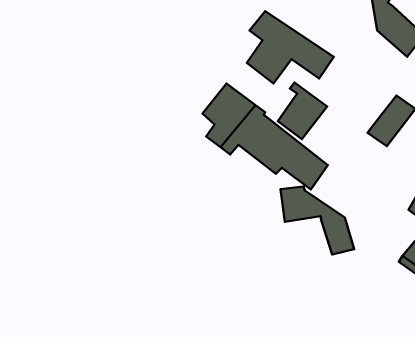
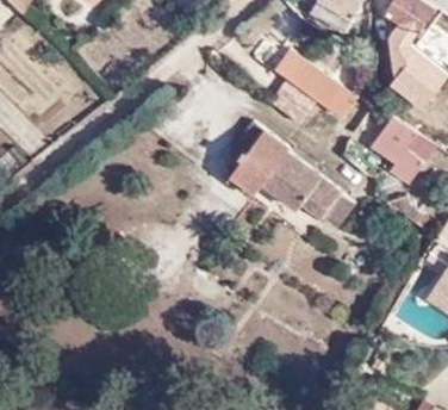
building: [278,83,327,139] -> [371,110,419,166]
building: [280,186,354,255] -> none

